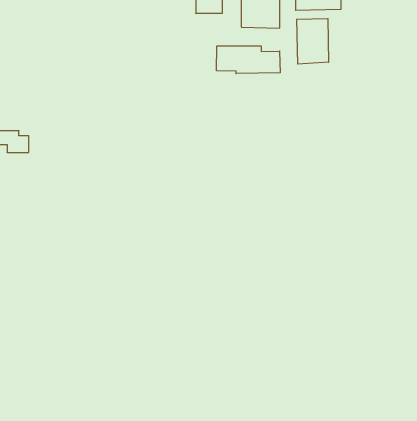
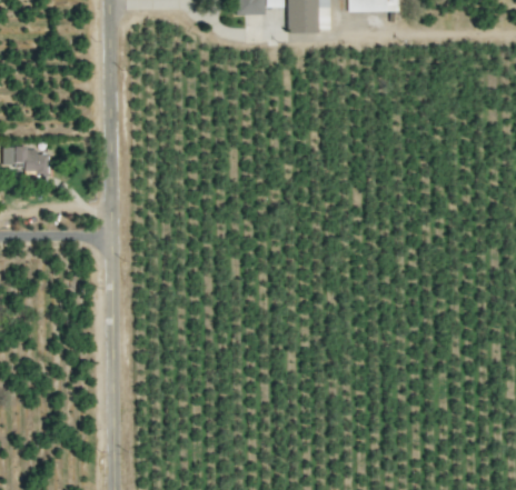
building: [297,19,329,64] -> none
building: [217,46,280,74] -> none

